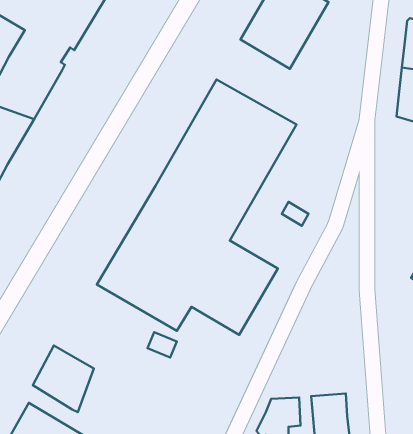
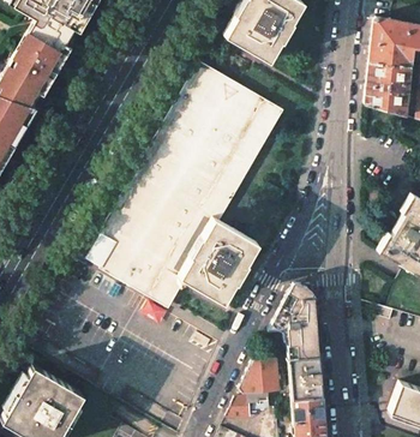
building: none -> [272,286,319,359]
building: [33,345,94,412] -> none

